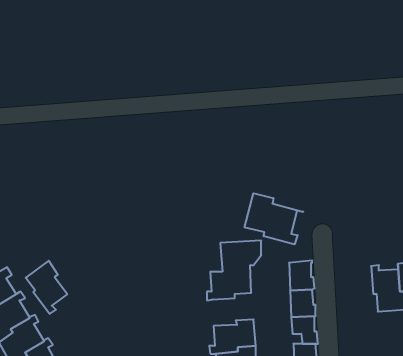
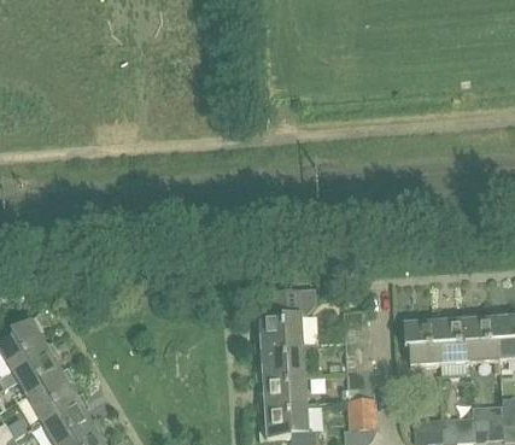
building: [245,193,303,244] -> none
building: [26,261,67,314] -> none
building: none -> [402,315,440,367]
building: none -> [256,344,305,381]

